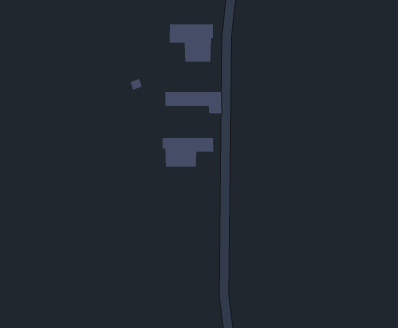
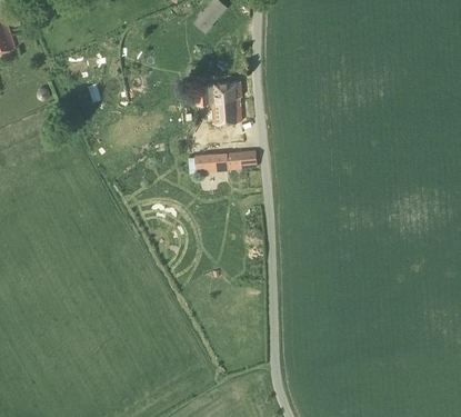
building: [162,137,214,168] -> none

